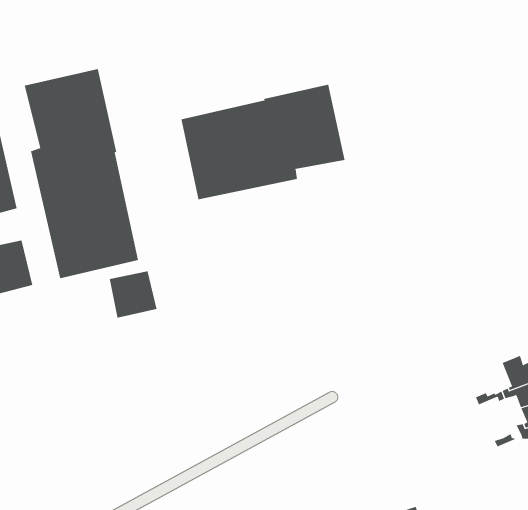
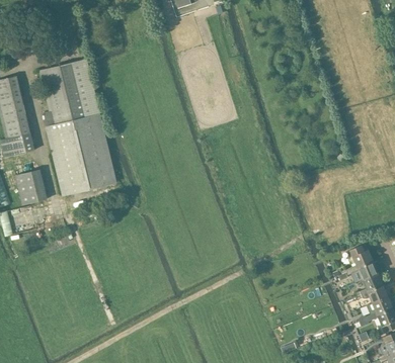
building: [181,84,345,200] -> none
building: [109,270,157,318] -> none

